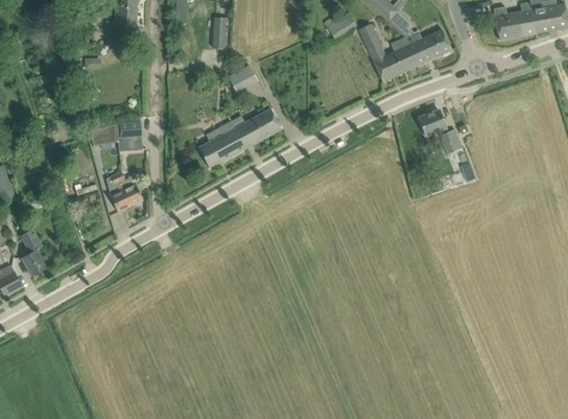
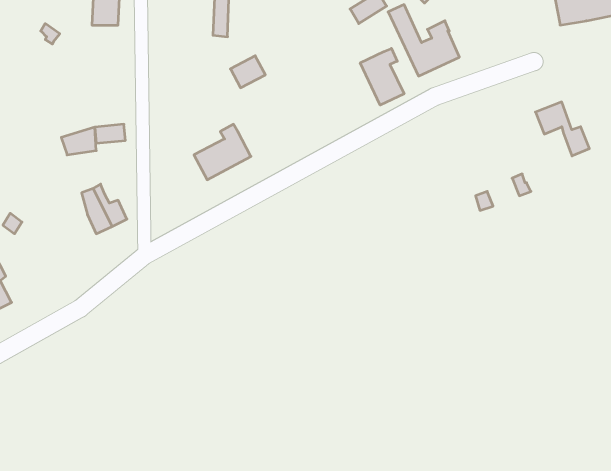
building: [407,29,452,65] -> none
building: none -> [360,48,404,105]
building: [231,107,281,146] -> none
building: [418,108,462,152] -> [535,102,589,156]

